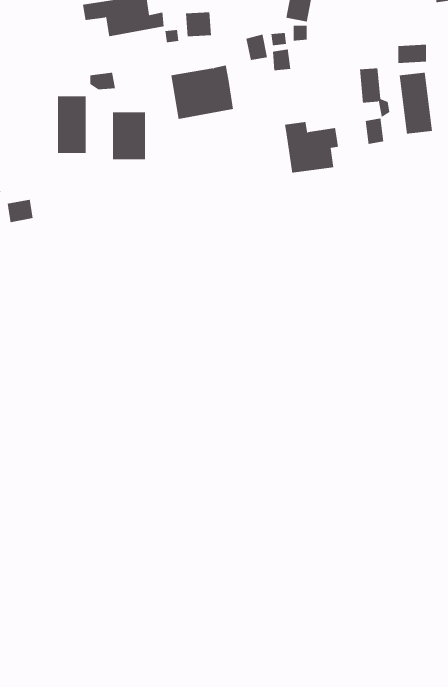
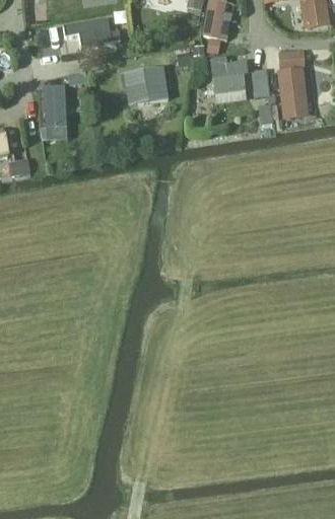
building: [113,111,146,160] -> none
building: [284,122,339,173] -> [210,57,248,92]

